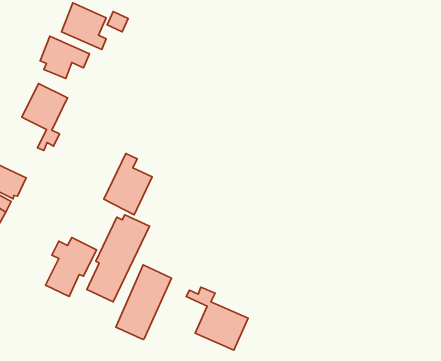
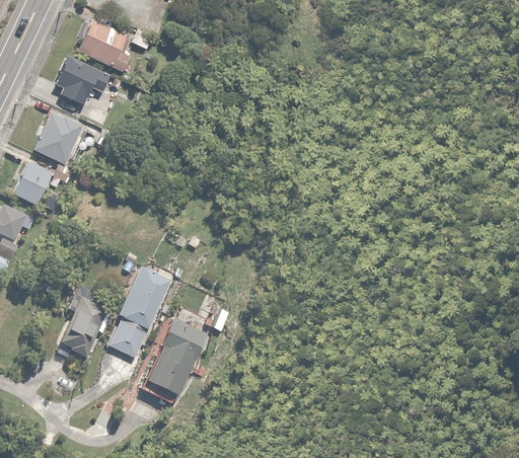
building: none -> [12,161,54,206]
building: [104,153,152,215] -> none
building: [186,287,248,350] -> none

